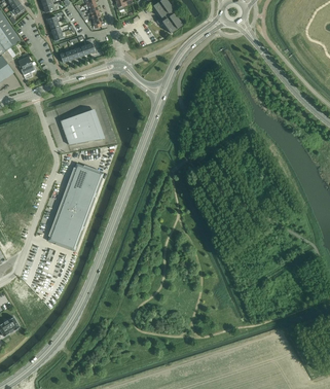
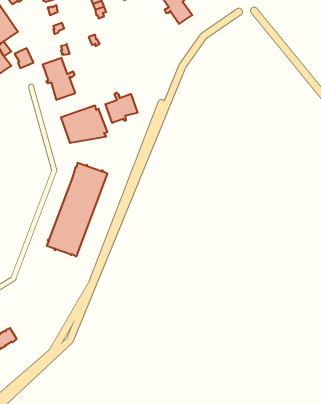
building: none -> [43,58,75,100]
building: none -> [105,92,138,123]

